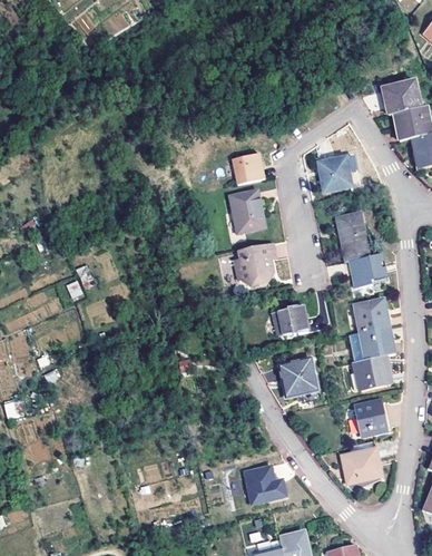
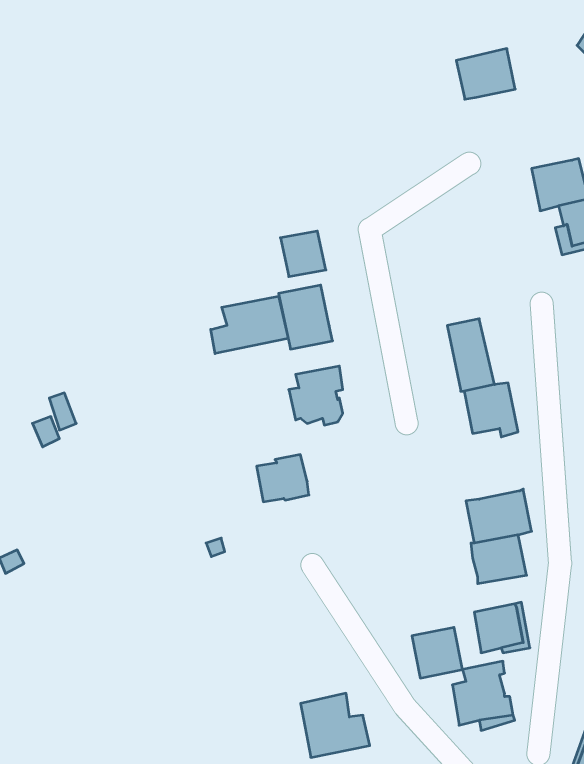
building: [382,81,421,115] -> [456,49,515,99]
building: [320,157,352,191] -> none
building: none -> [211,296,288,354]
building: [355,299,386,332] -> none
building: [273,304,307,335] -> [257,455,309,502]
building: [283,360,316,393] -> [412,627,462,678]

